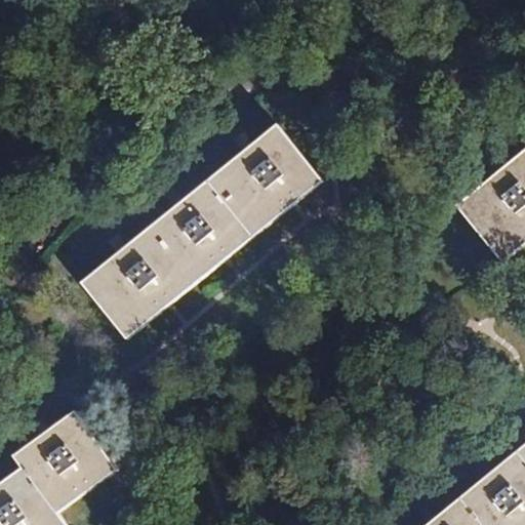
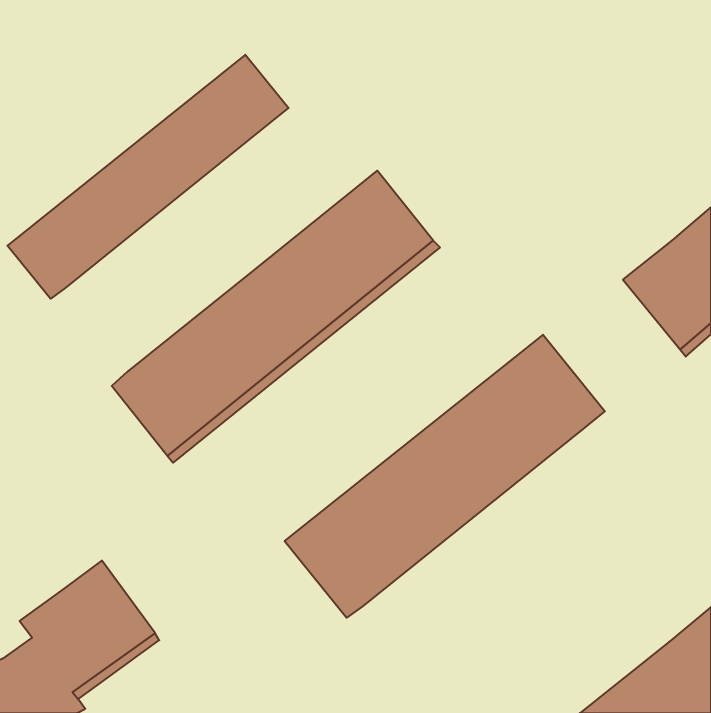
building: none -> [7,55,289,299]
building: none -> [285,335,605,618]

